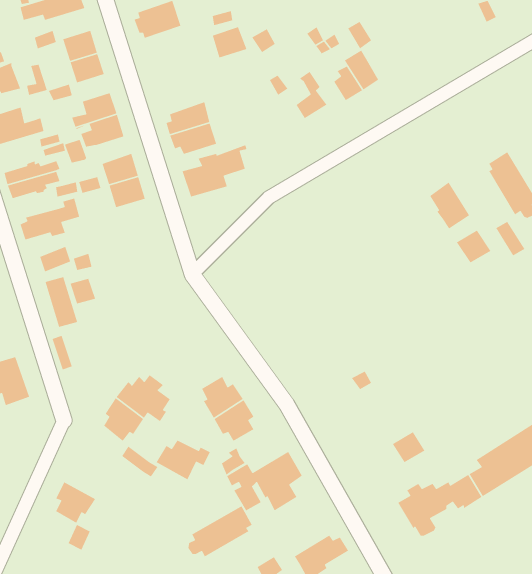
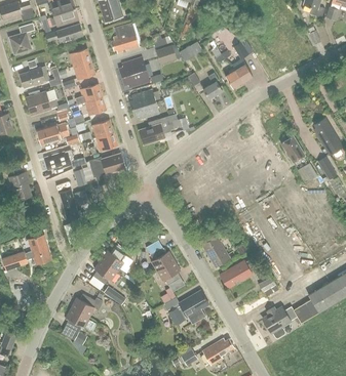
building: none -> [119,56,149,87]
building: none -> [88,153,125,177]
building: none -> [202,236,231,267]
building: none -> [221,259,254,290]
building: [156,439,211,480] -> [71,293,103,317]
building: [187,505,253,557] -> none

